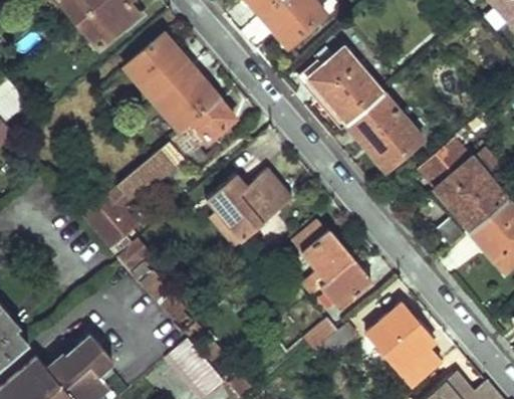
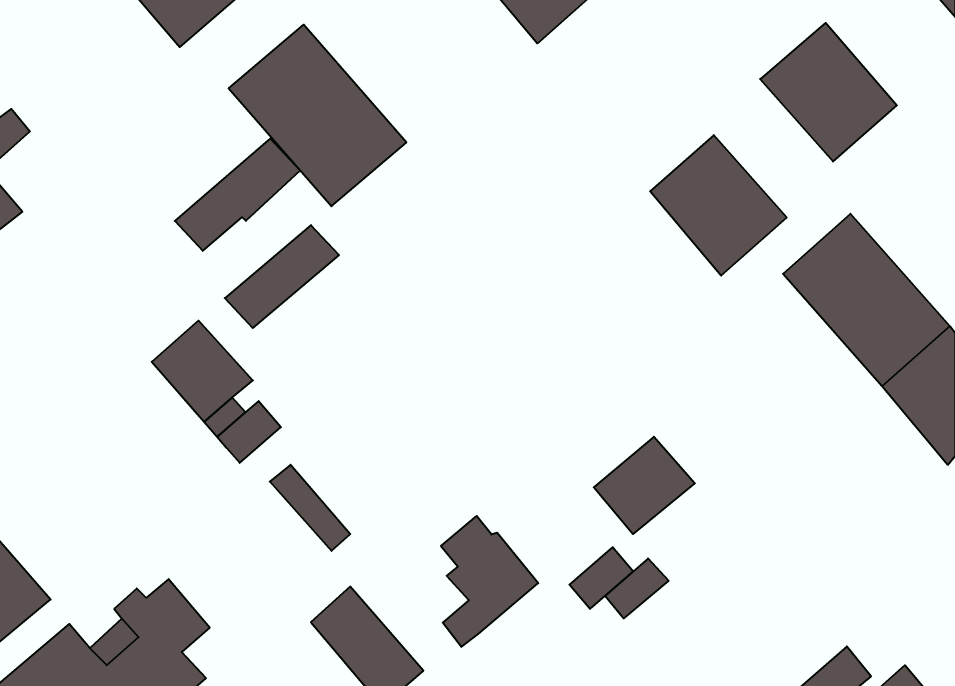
building: [309,51,382,126] -> [760,23,897,162]
building: [167,99,234,160] -> [175,139,300,251]
building: [203,170,291,249] -> none
building: [298,221,350,291] -> [441,516,538,647]
building: [368,303,433,381] -> none

